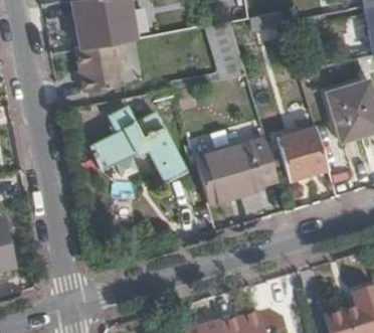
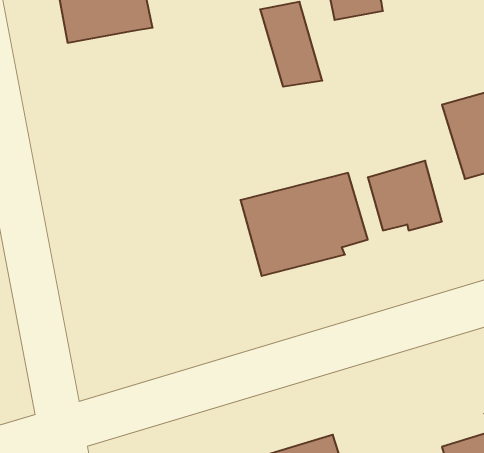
building: [74,41,125,92] -> none
building: [86,108,183,181] -> none

